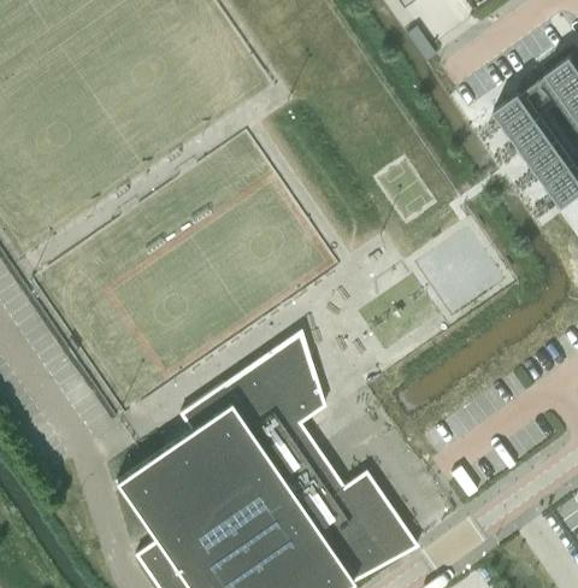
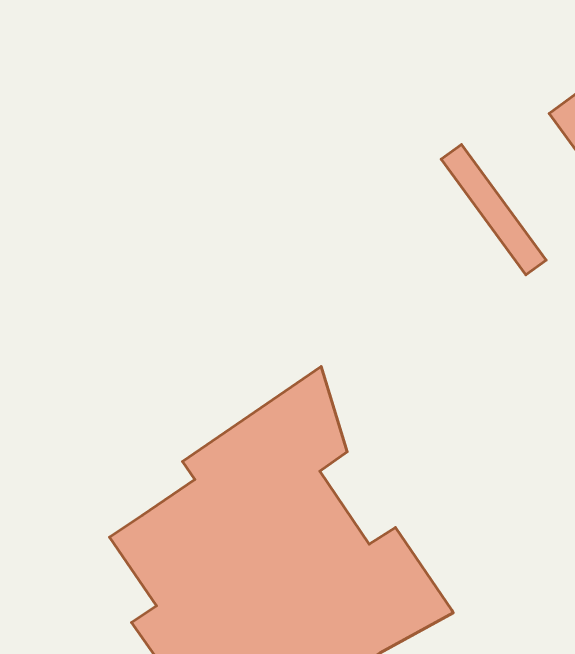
building: none -> [441,144,546,275]

